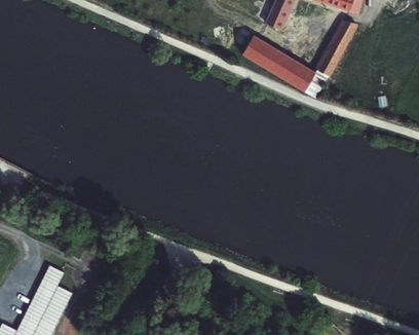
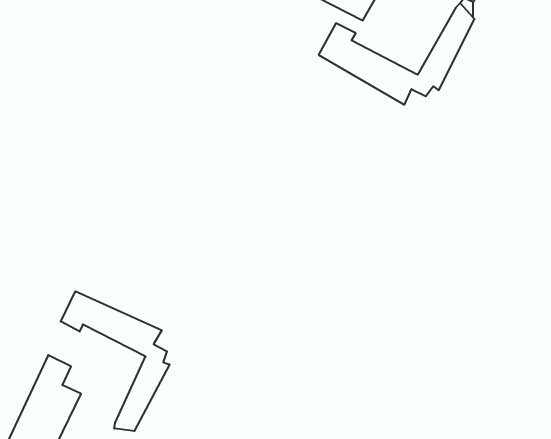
building: none -> [61,291,170,431]

